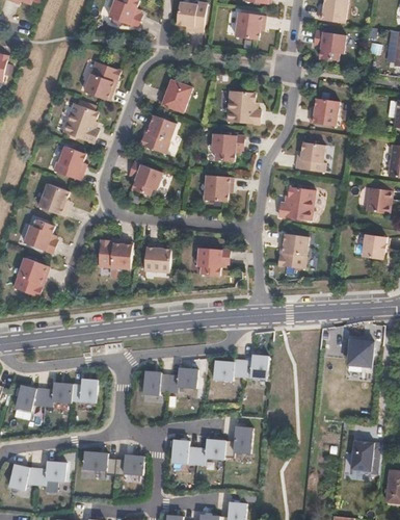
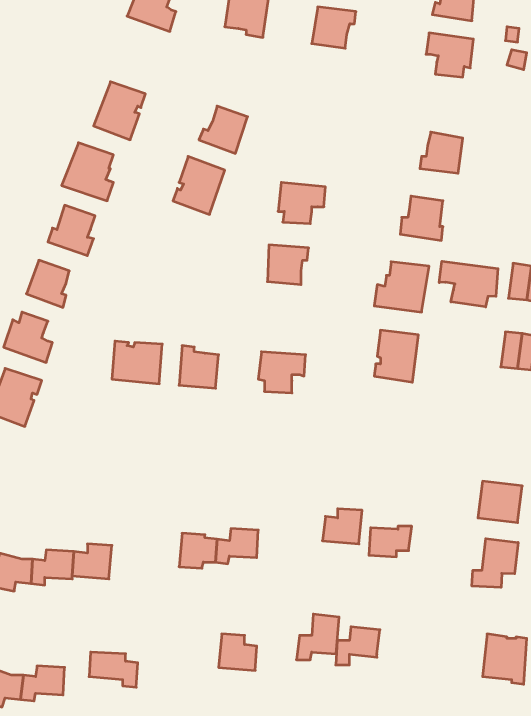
building: [224,89,258,123] -> none
building: [129,162,162,196] -> none
building: none -> [439,261,498,307]
building: [215,360,244,381] -> [369,526,412,557]
building: none -> [472,539,518,587]
building: [196,439,226,465] -> [336,627,380,665]
building: [115,456,144,476] -> none

